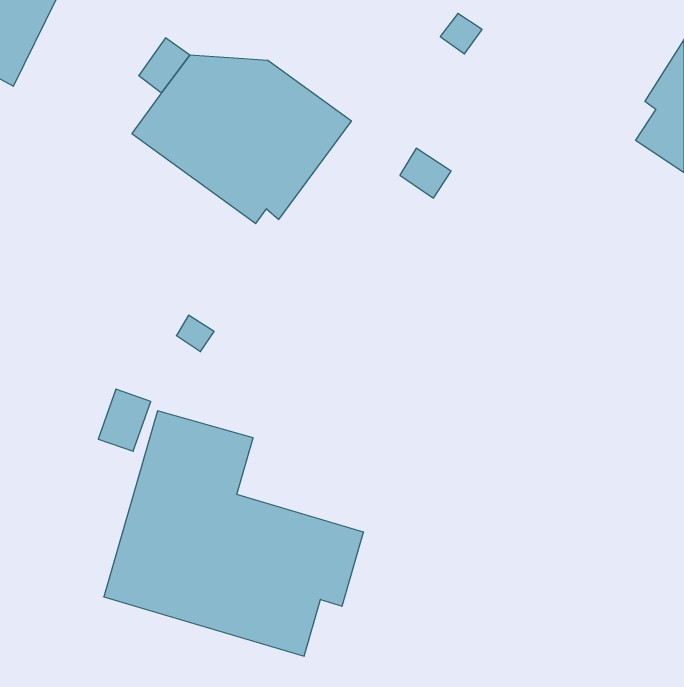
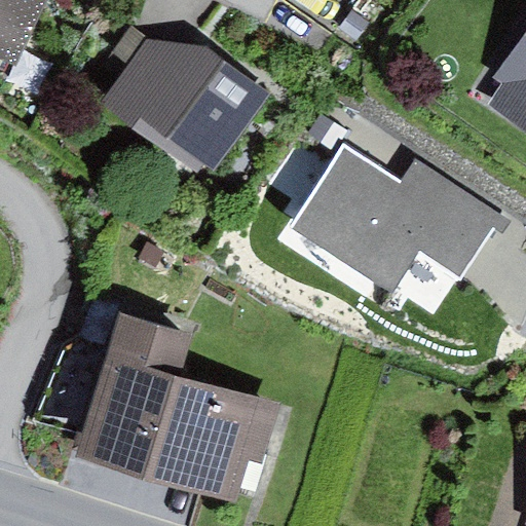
building: none -> [292,146,499,291]

